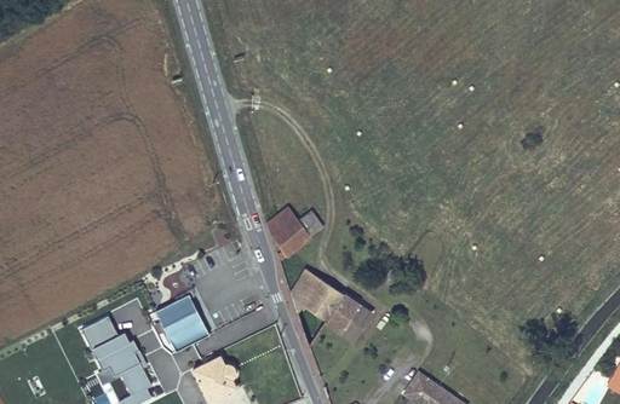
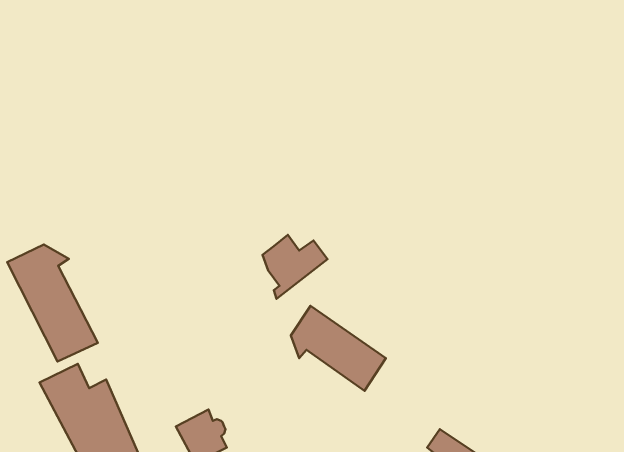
building: none -> [7,244,98,362]
building: [155,295,209,352] -> none

